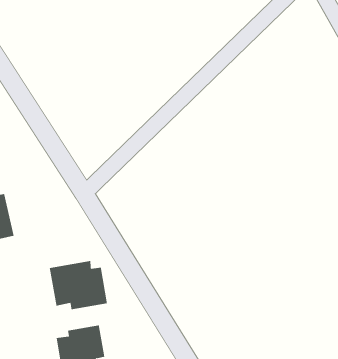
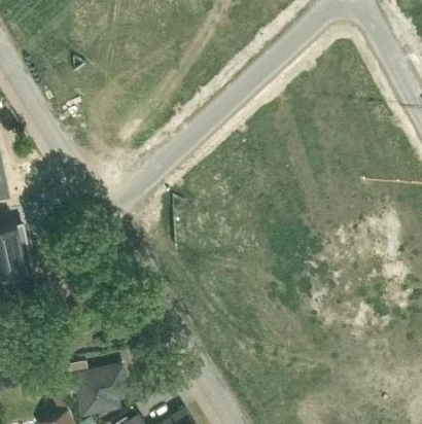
building: [49,260,108,310] -> none

